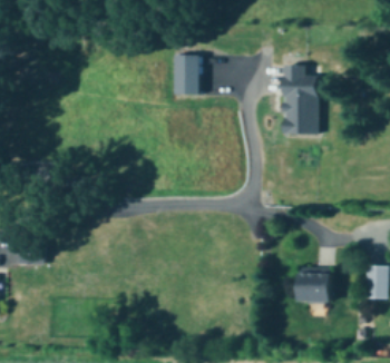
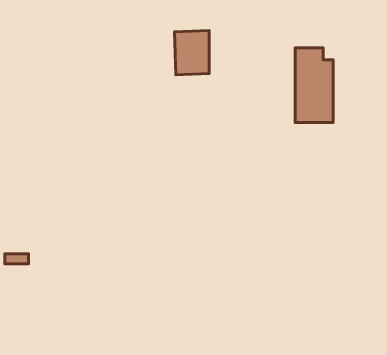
building: [299,269,331,304] -> none

